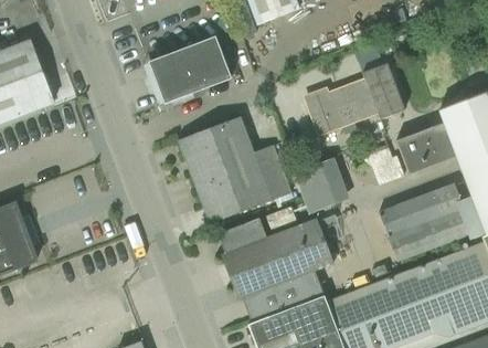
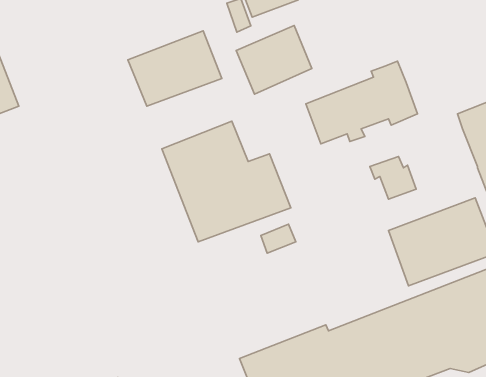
building: none -> [236,26,312,94]
building: [396,123,457,175] -> none
building: [294,160,340,213] -> none
building: [218,218,333,323] -> none

